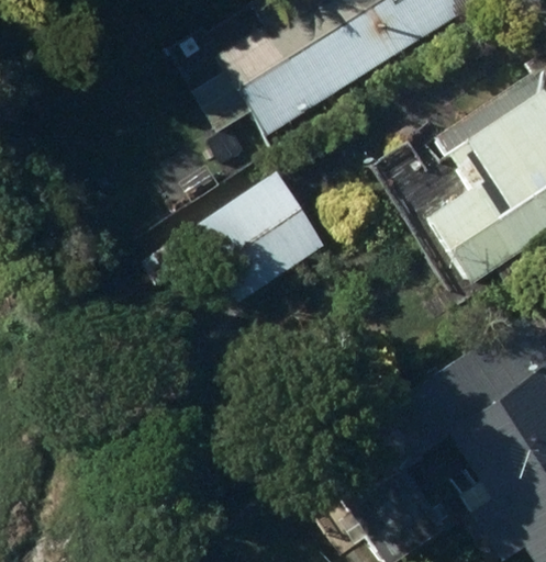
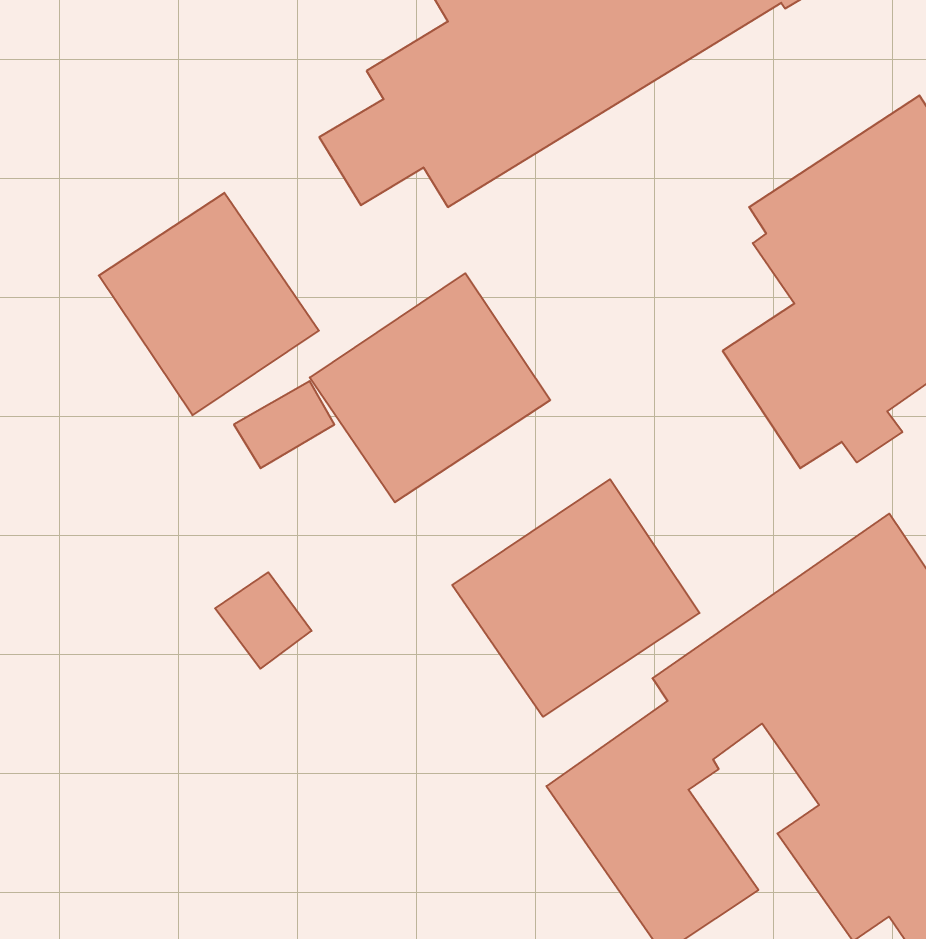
building: none -> [99,193,319,415]
building: none -> [452,479,700,717]

